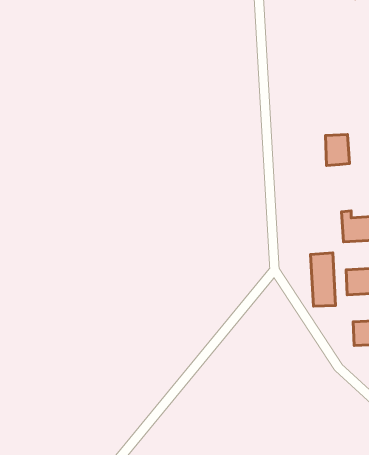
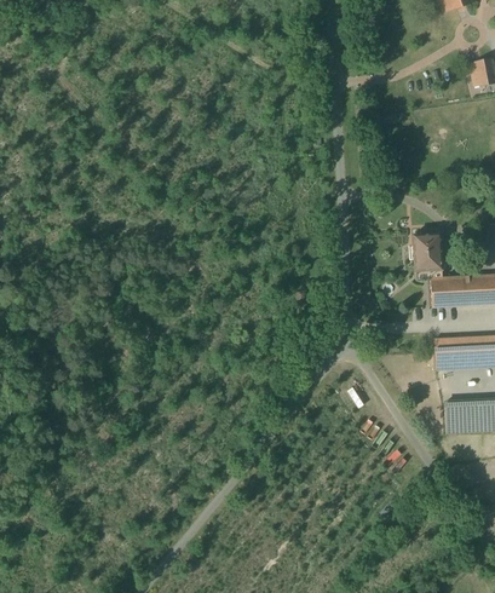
building: [326,134,349,165] -> [414,234,443,271]
building: [311,253,336,306] -> none

